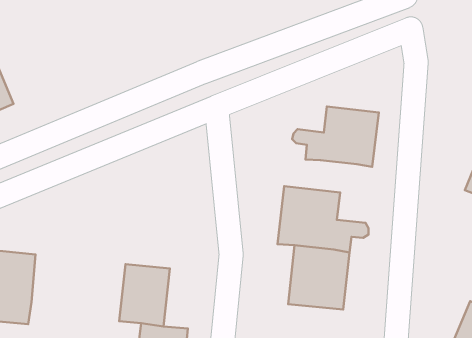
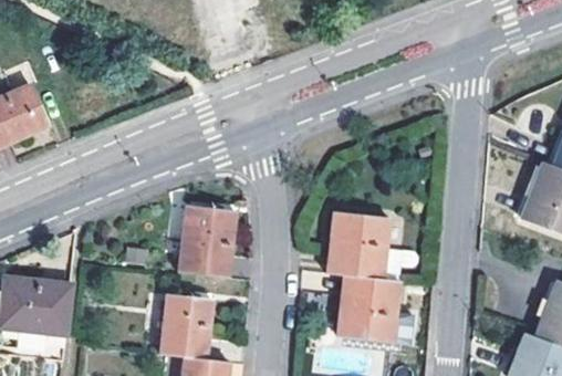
building: [292,107,379,167] -> none
building: none -> [178,205,237,278]

